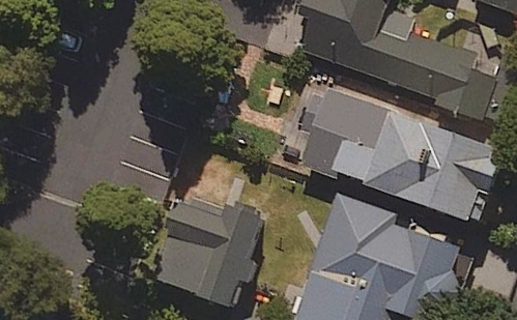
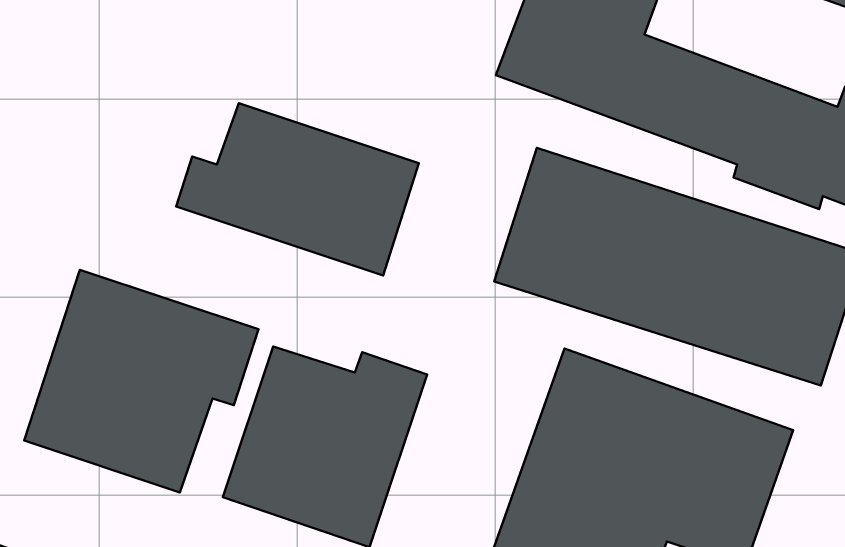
building: none -> [176,103,419,275]
building: none -> [24,270,259,492]

